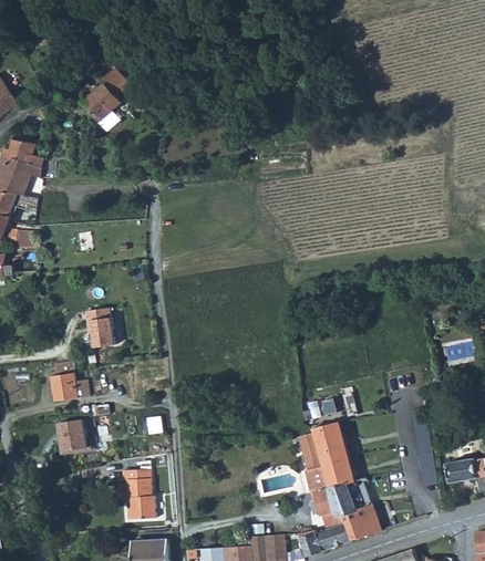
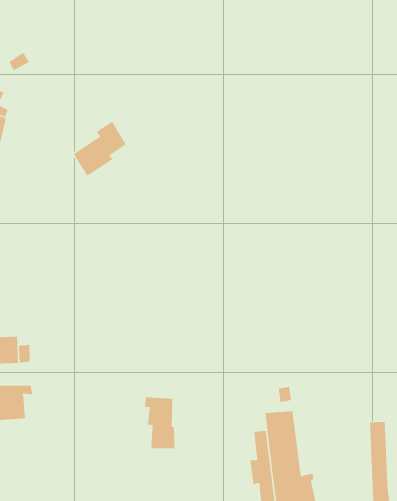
building: [81,70,131,125] -> [73,121,126,176]
building: [82,308,112,346] -> none
building: [117,469,151,519] -> [144,397,175,449]

